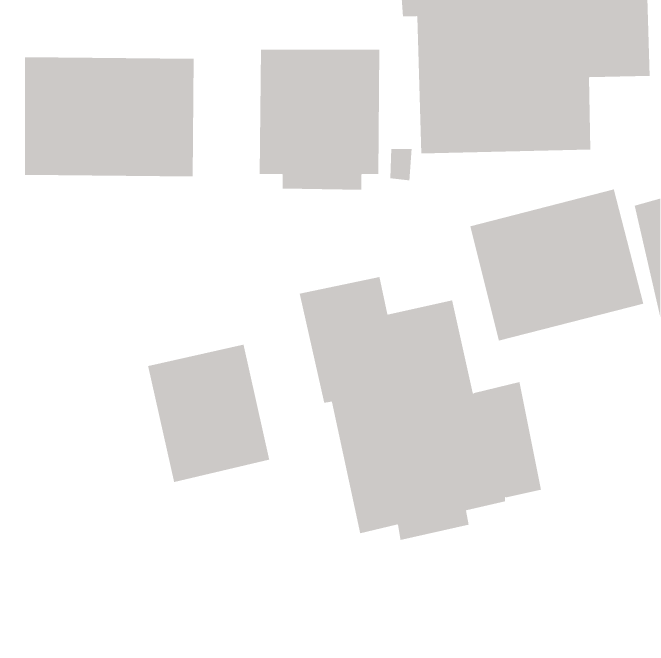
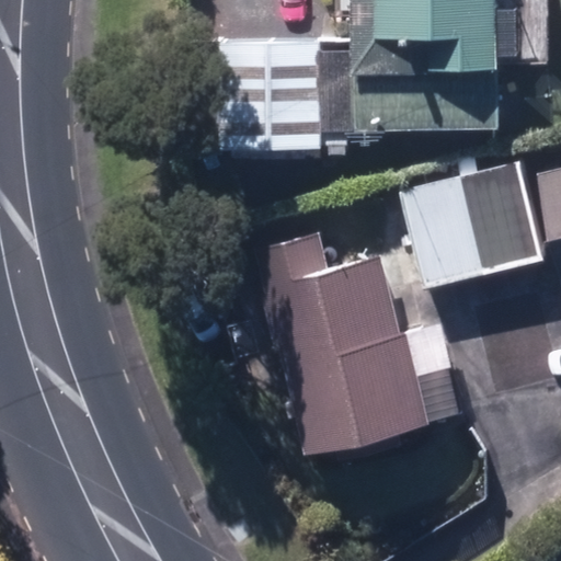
building: [24,57,194,177] -> none
building: [147,344,270,483] -> none

